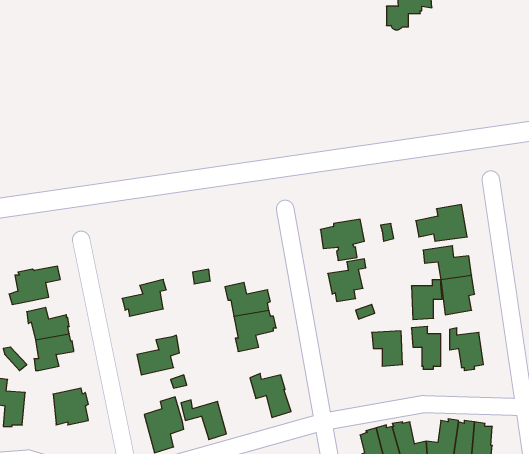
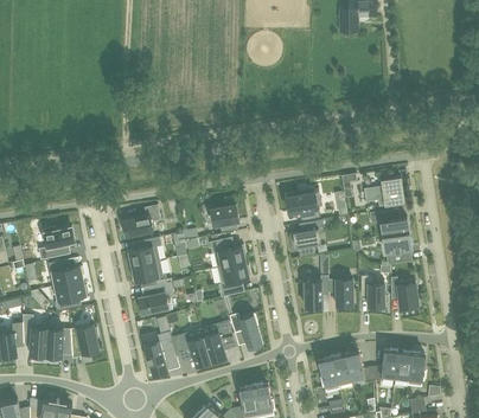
building: none -> [120,205,158,238]
building: none -> [210,205,238,232]
building: [411,280,442,320] -> [304,276,328,308]
building: none -> [130,261,166,287]
building: none -> [203,320,232,361]
building: none -> [45,328,72,356]

